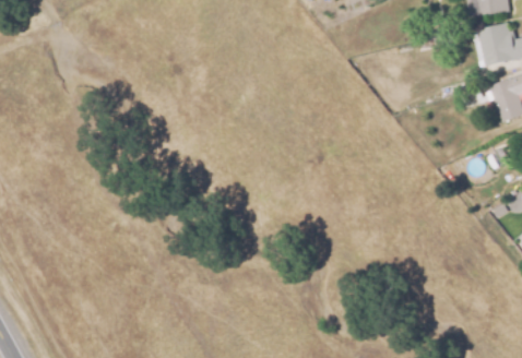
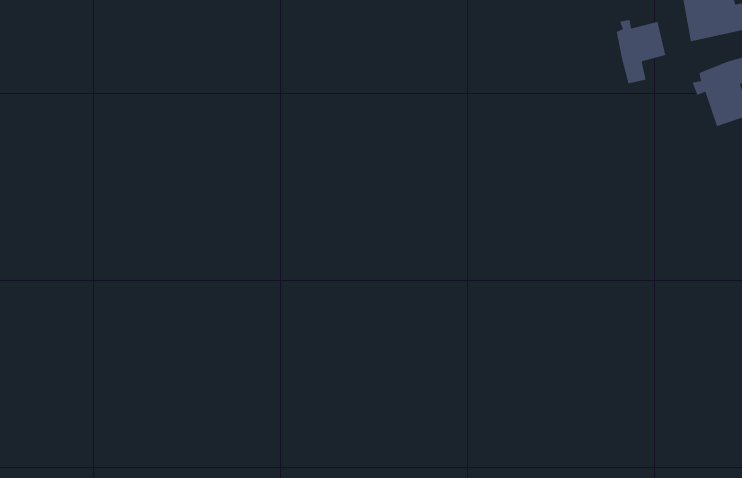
building: none -> [616,19,666,84]

